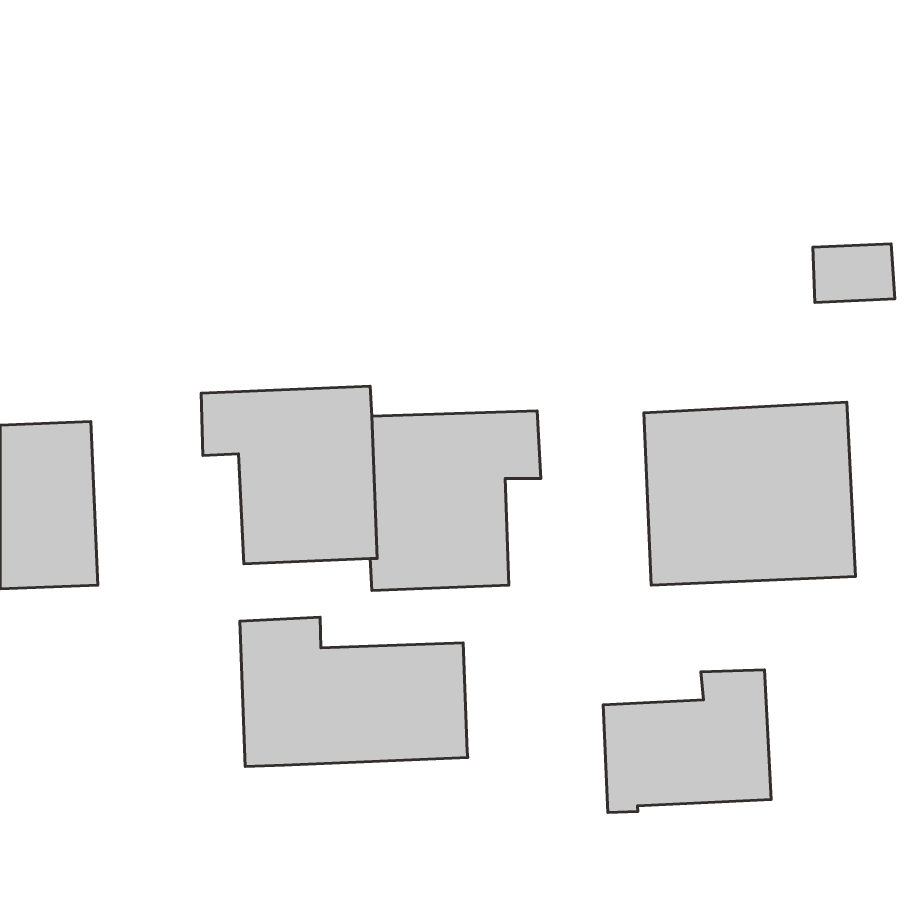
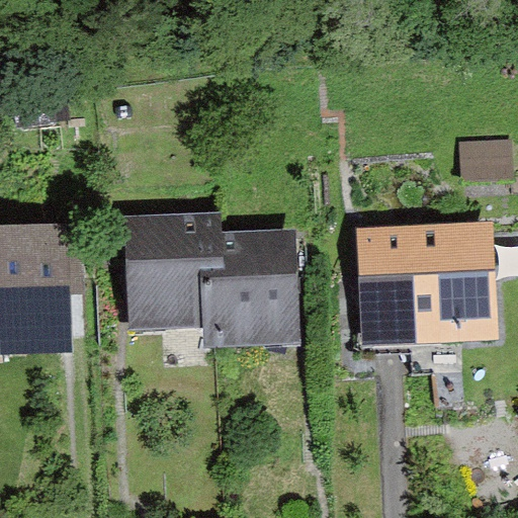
building: [240,617,468,766] -> none
building: [603,670,771,812] -> none

